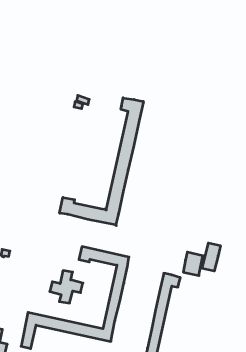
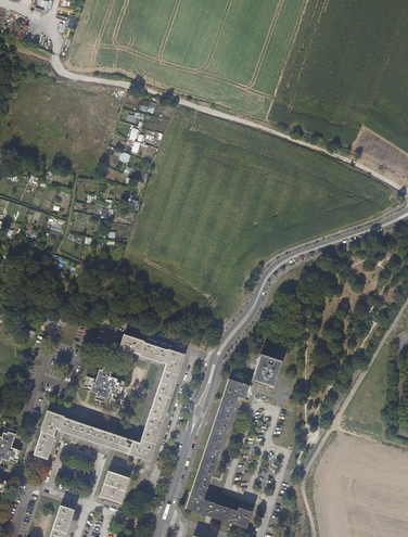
building: [60,98,143,226] -> none
building: [202,243,220,271] -> none

